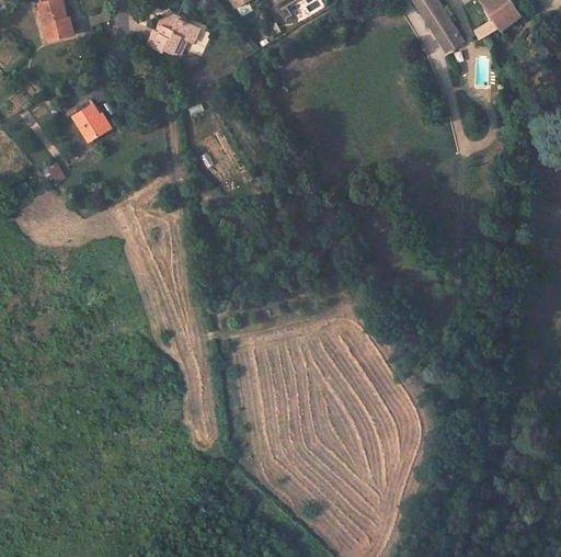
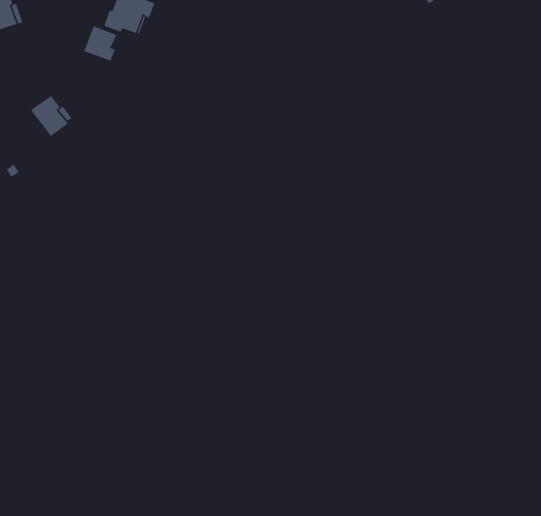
building: none -> [83,25,117,61]

